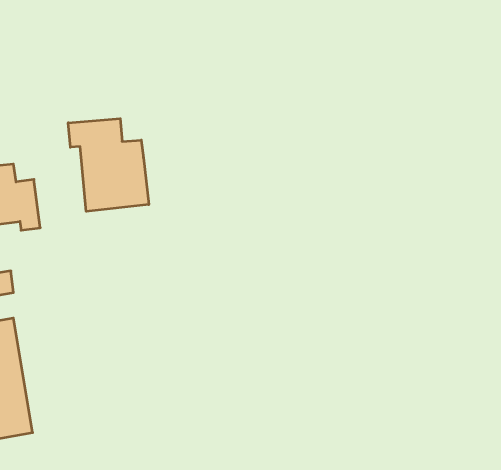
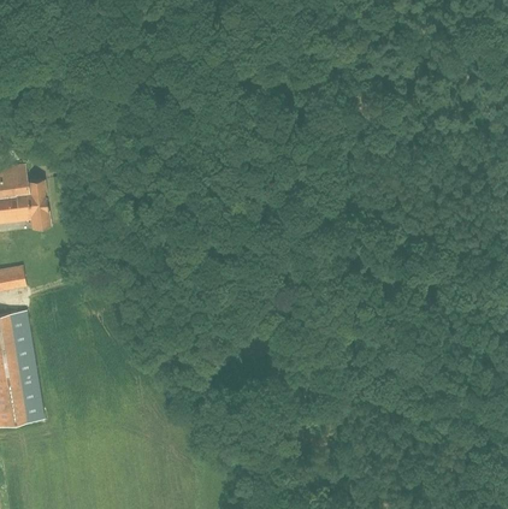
building: [68,119,149,211] -> none

